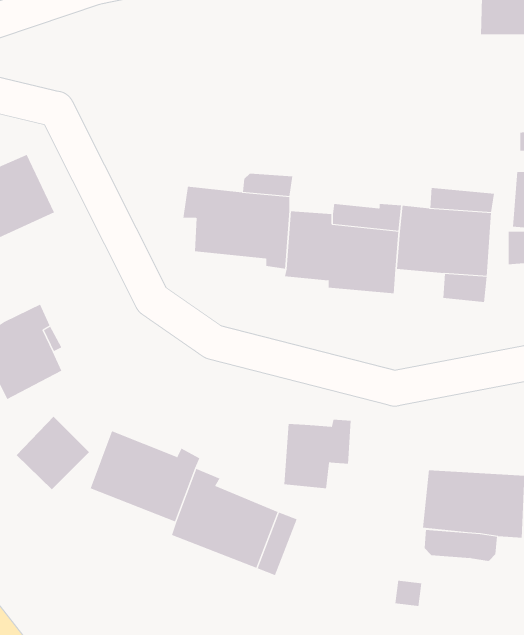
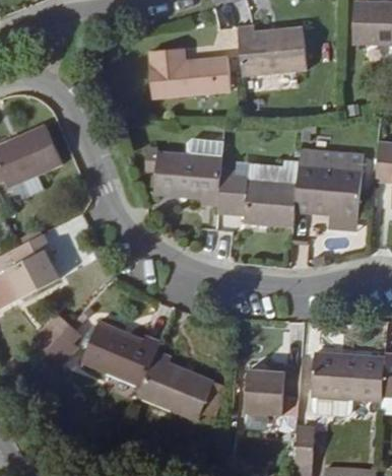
building: none -> [237,26,308,77]
building: none -> [149,50,230,98]
building: [283,419,352,489] -> [252,365,300,414]

